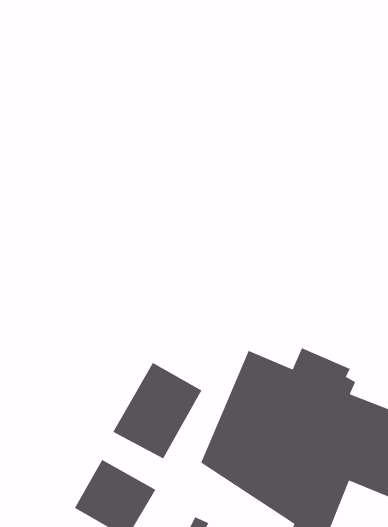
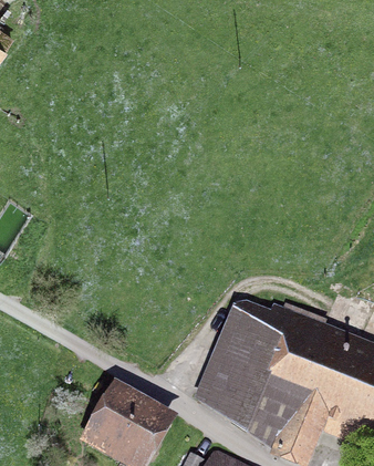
building: [112,362,202,459] -> none

